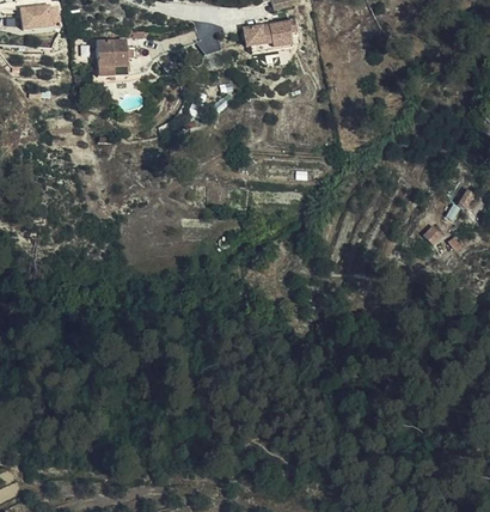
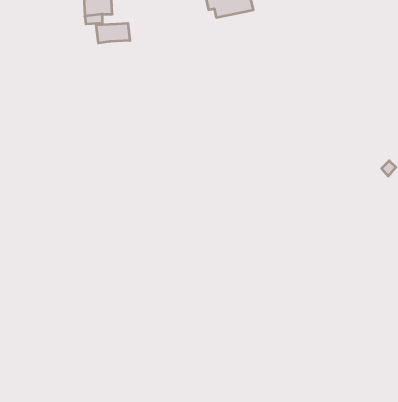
building: none -> [96,23,130,43]

